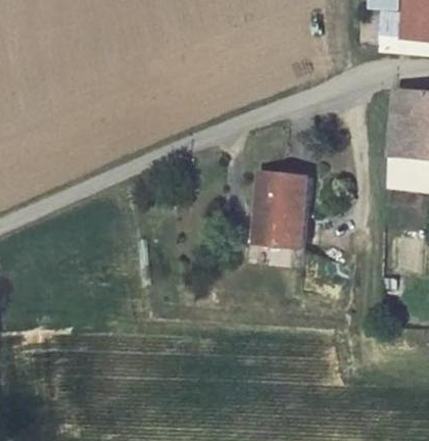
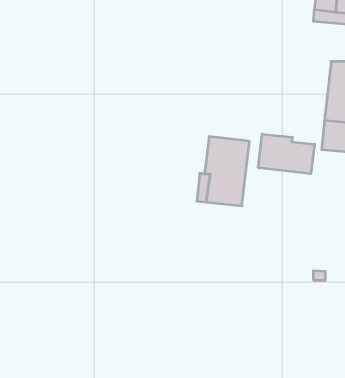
building: none -> [258,134,315,174]

